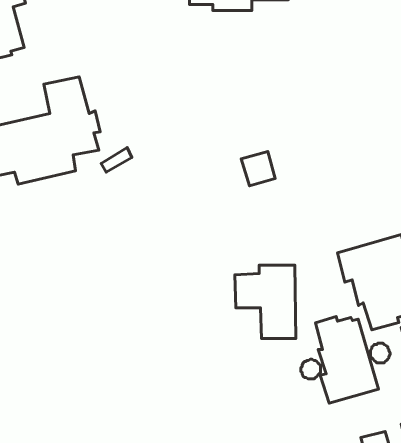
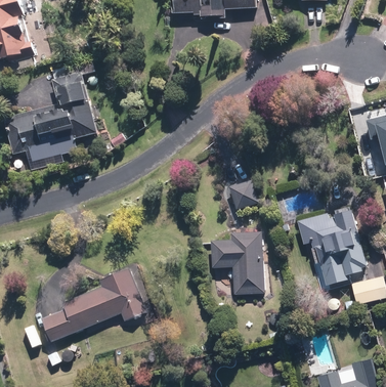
building: [241,152,275,186] -> [228,180,257,209]
building: none -> [40,267,145,342]
building: [315,317,378,403] -> none

